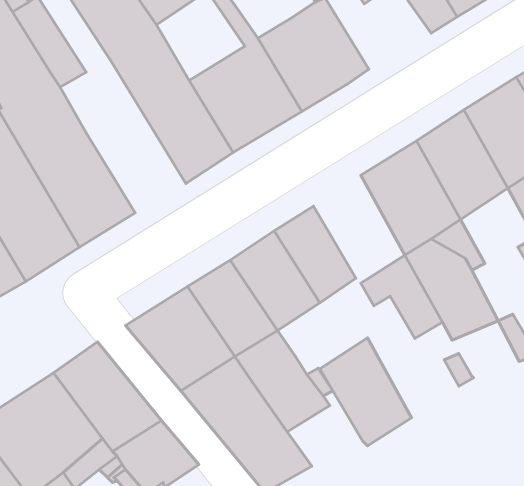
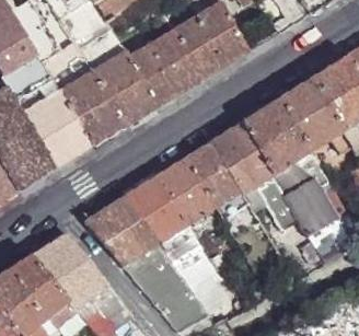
building: none -> [59,44,126,146]
building: [320,338,412,446] -> [211,120,273,193]

